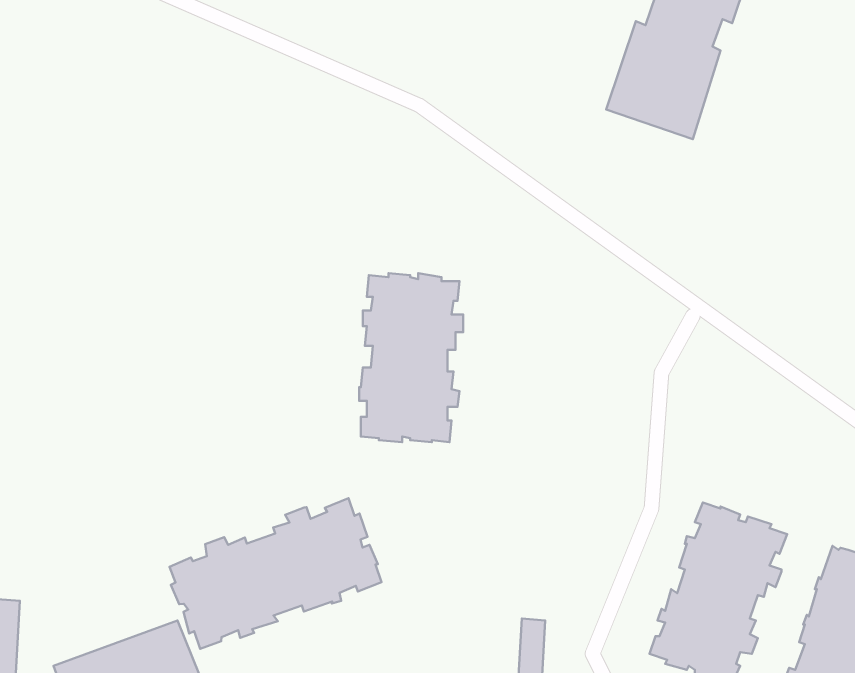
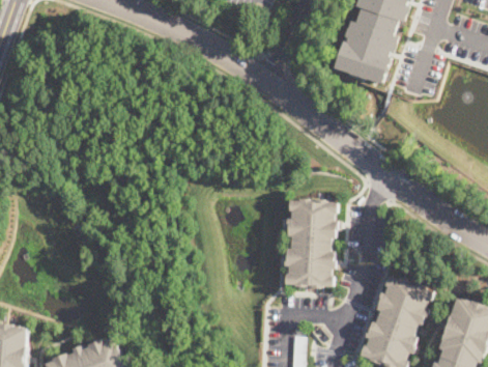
building: [359,273,463,442] -> [284,198,339,287]
building: [169,498,382,649] -> none

